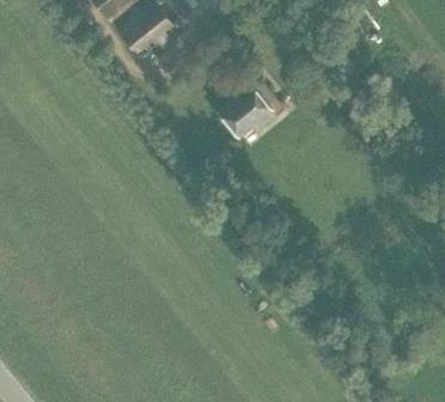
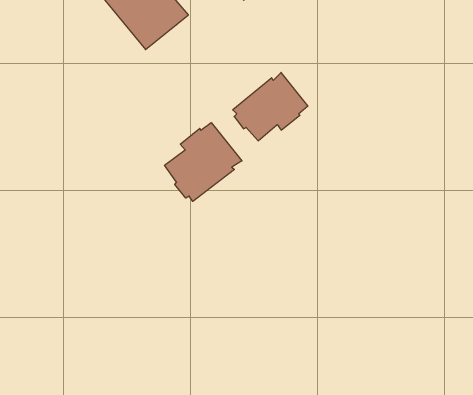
building: none -> [165,123,242,201]

